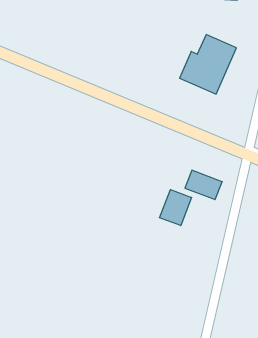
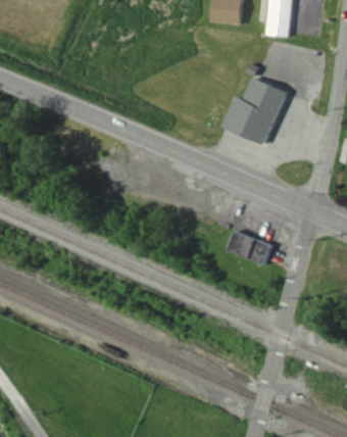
building: [160,190,192,226] -> none

